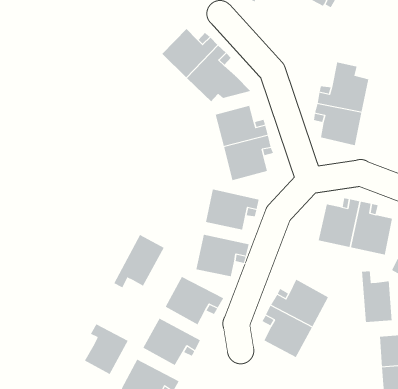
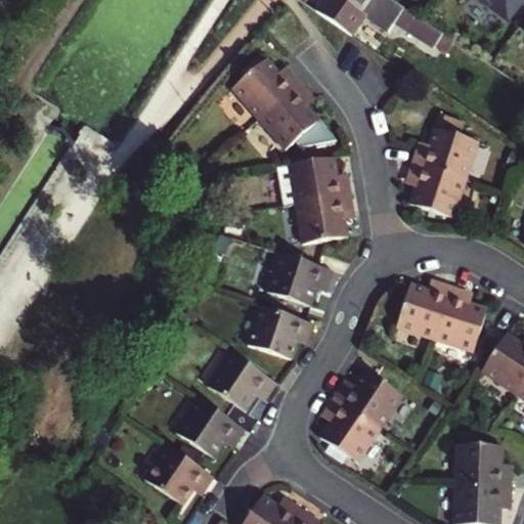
building: [113,234,165,288] -> none
building: [362,270,392,323] -> none
building: [84,323,128,375] -> none

